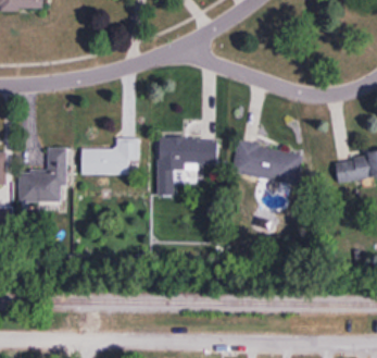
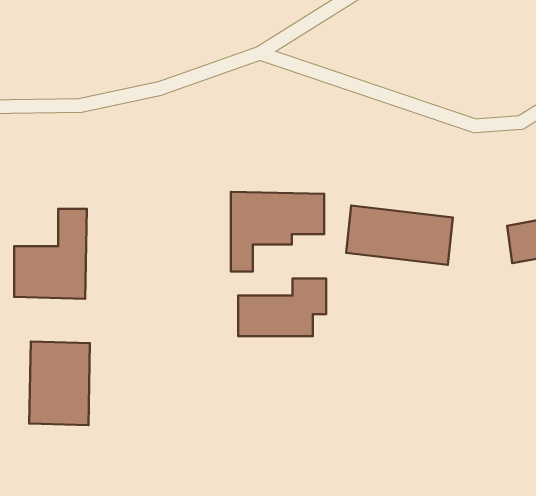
building: [83,137,139,174] -> [238,279,326,336]
building: none -> [29,342,90,425]

